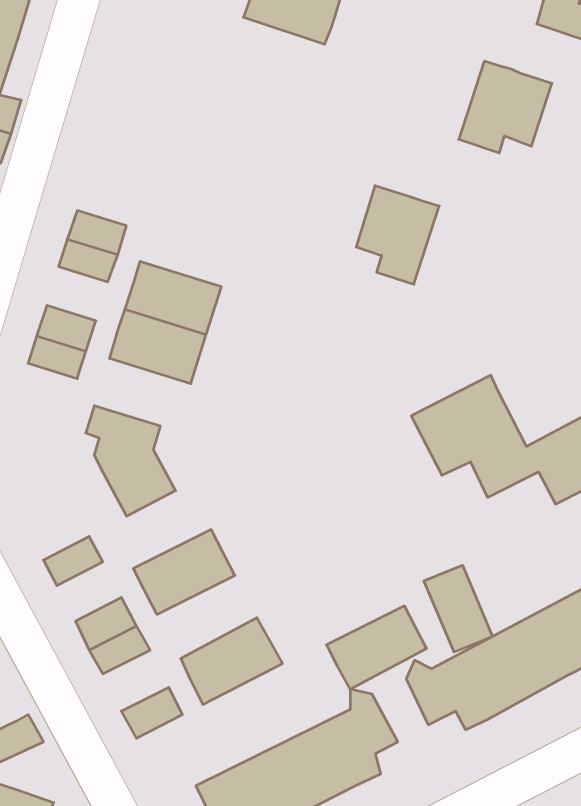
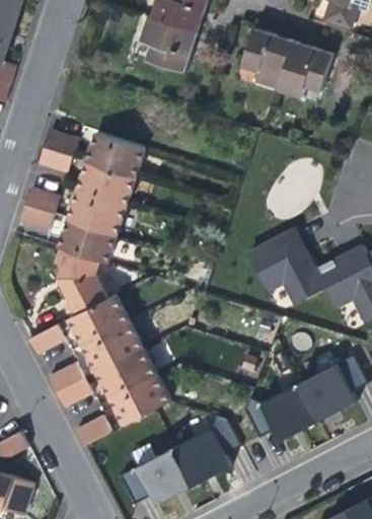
building: none -> [141,14,197,70]
building: [356,186,439,284] -> [242,28,292,87]
building: none -> [86,132,144,175]
building: none -> [59,218,117,262]
building: none -> [69,293,129,344]
building: [424,565,493,652] -> none
building: [326,606,427,689] -> [96,348,156,397]

